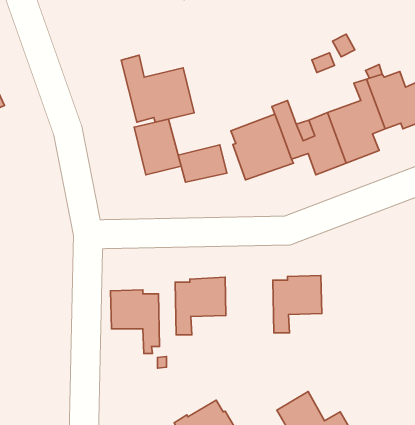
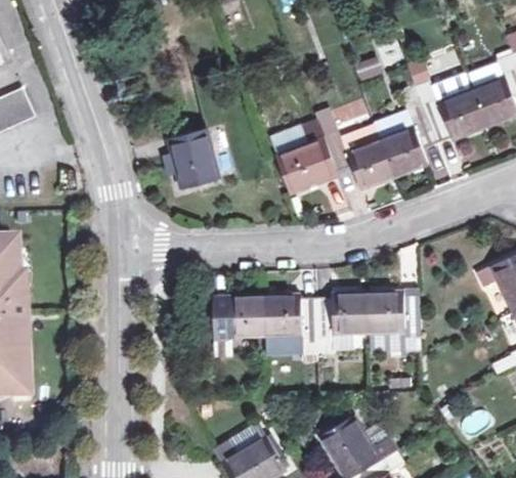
building: [121,55,194,122] -> none
building: [178,145,227,182] -> none
building: none -> [367,293,420,336]
building: [111,290,159,353] -> [266,295,317,361]

